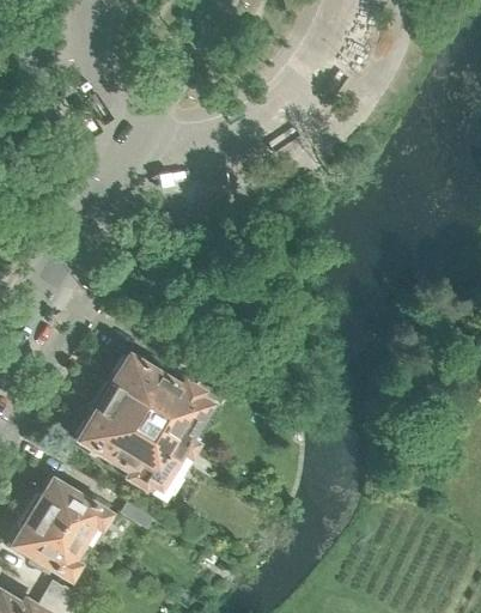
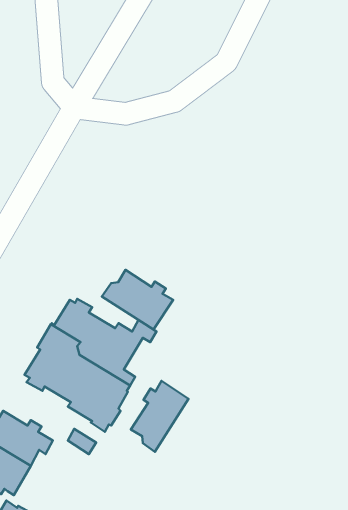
building: none -> [102,270,173,329]
building: none -> [131,381,189,452]

